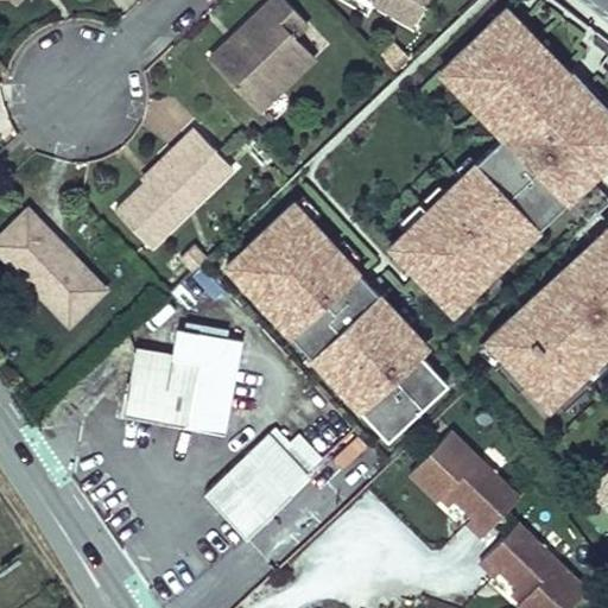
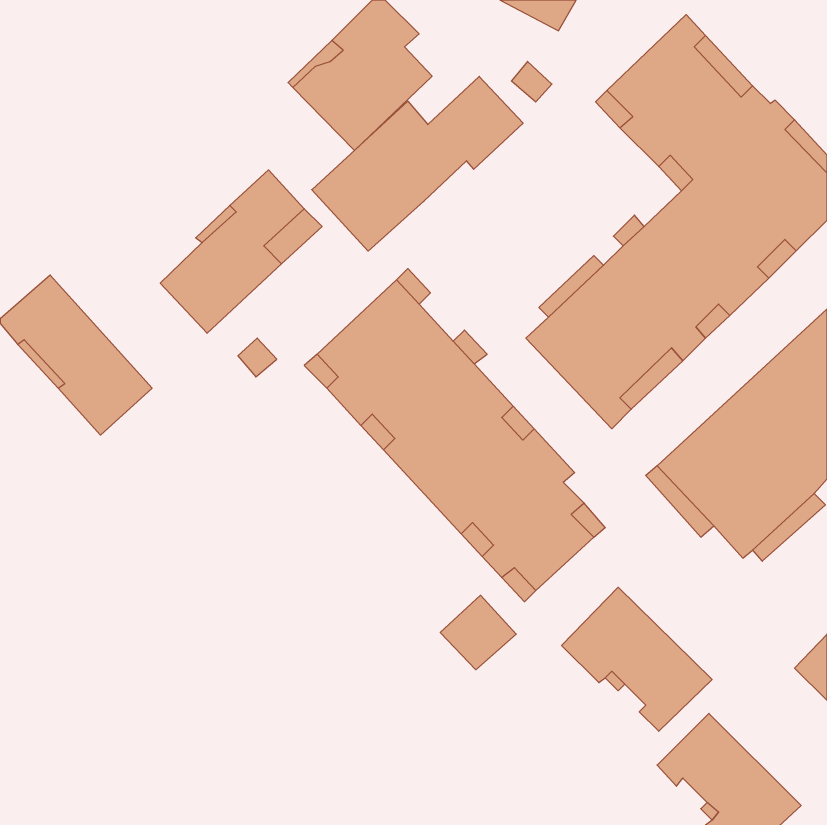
building: none -> [312,76,523,251]
building: [137,332,254,431] -> none
building: [210,426,323,536] -> none

